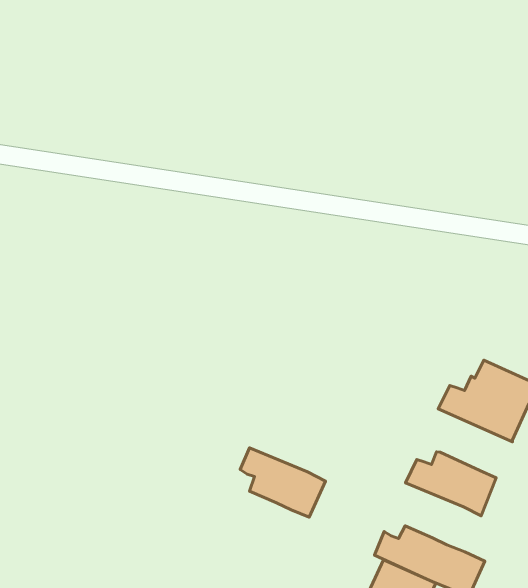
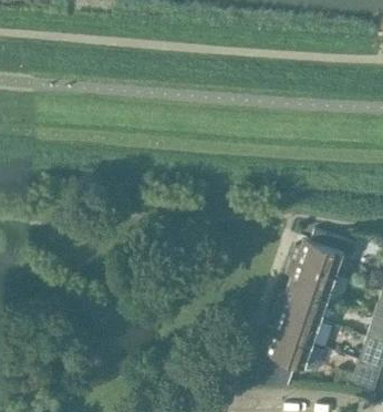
building: none -> [287,260,337,298]
building: [240,448,326,517] -> [271,306,322,343]

